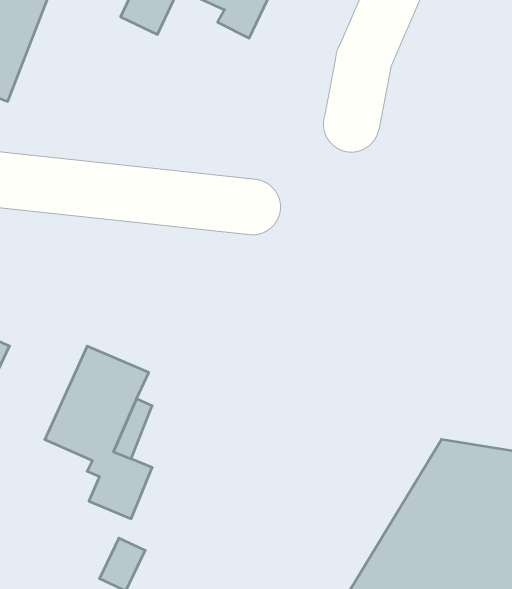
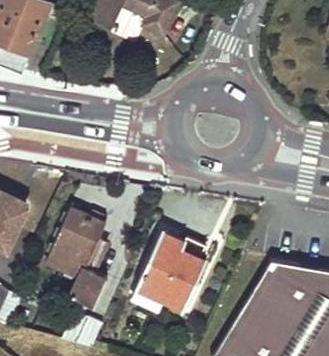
building: none -> [132,232,206,310]

